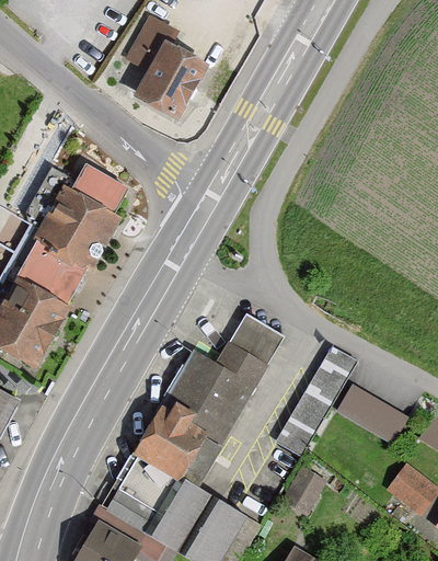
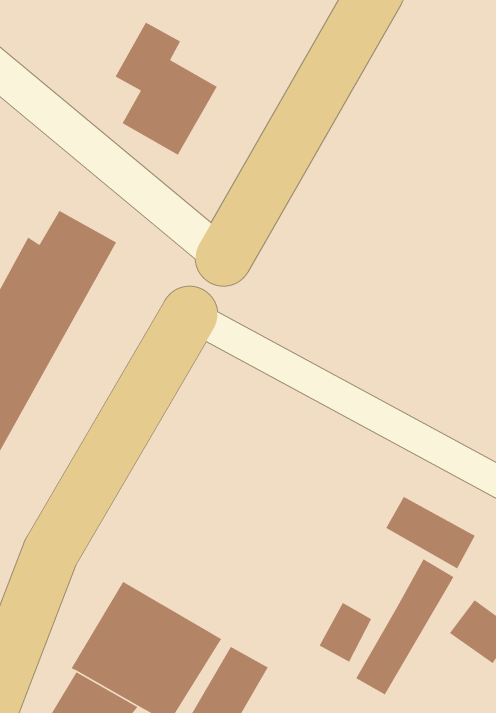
building: [134,316,284,488] -> none
building: [281,343,358,449] -> [355,558,454,696]

